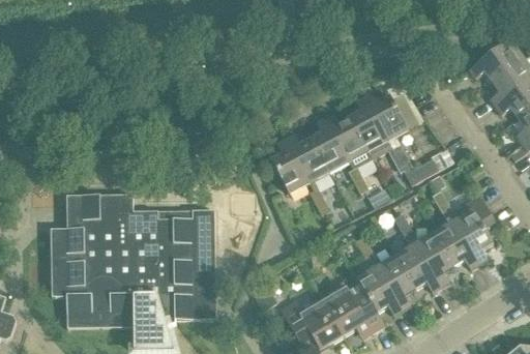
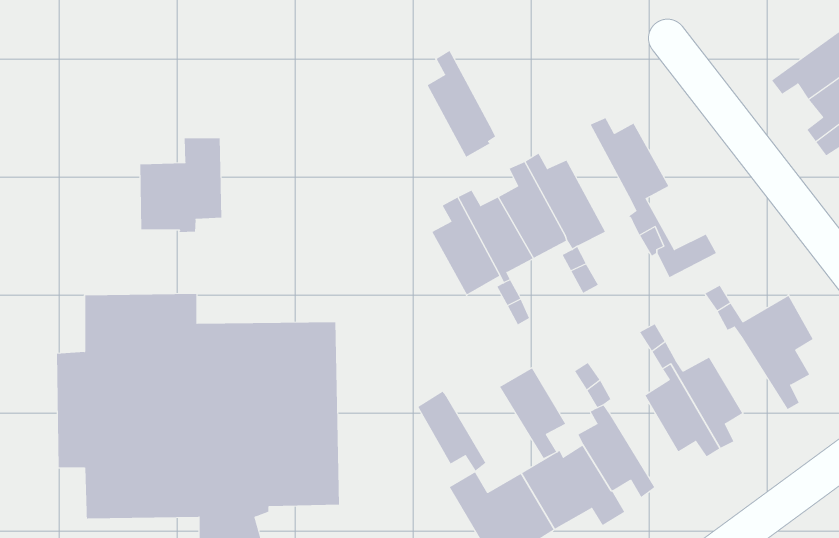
building: [350,95,390,158] -> [427,50,496,157]
building: none -> [140,137,222,233]
building: [434,220,479,268] -> none
building: none -> [417,391,486,471]
building: [376,255,415,308] -> [499,367,566,459]

